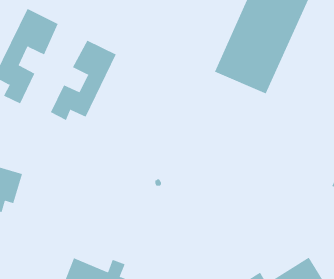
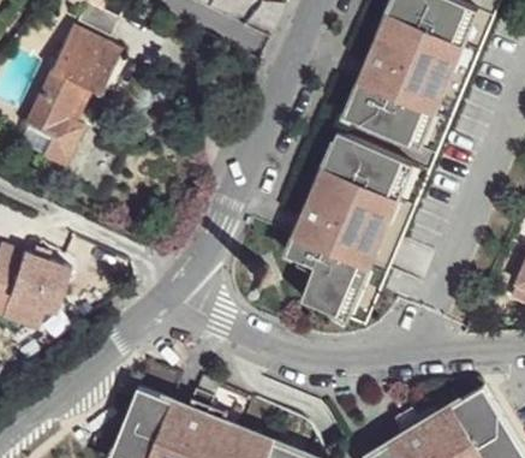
building: [50,40,117,121] -> none
building: none -> [286,135,413,321]

